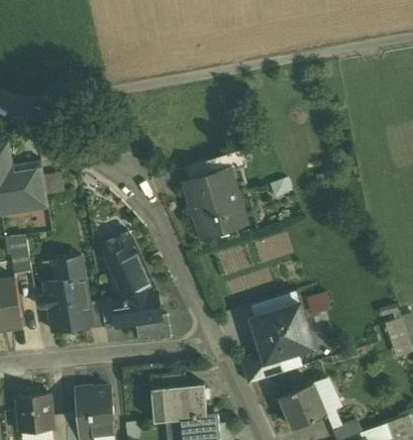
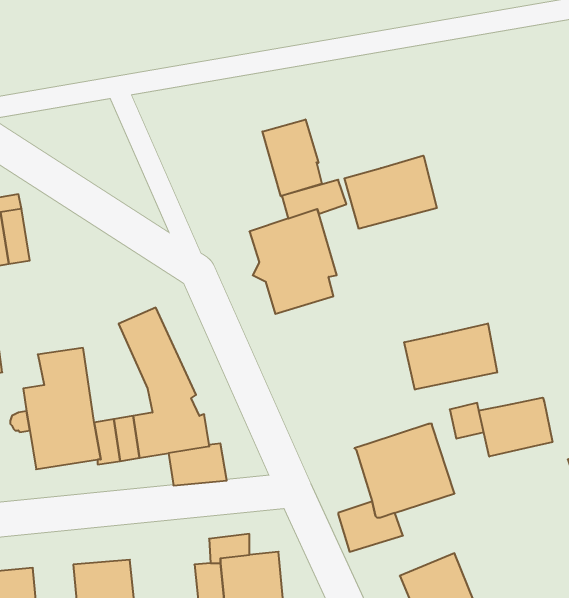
building: none -> [262,119,322,196]
building: none -> [344,156,437,229]
building: none -> [404,323,497,390]
building: none -> [479,398,552,457]

